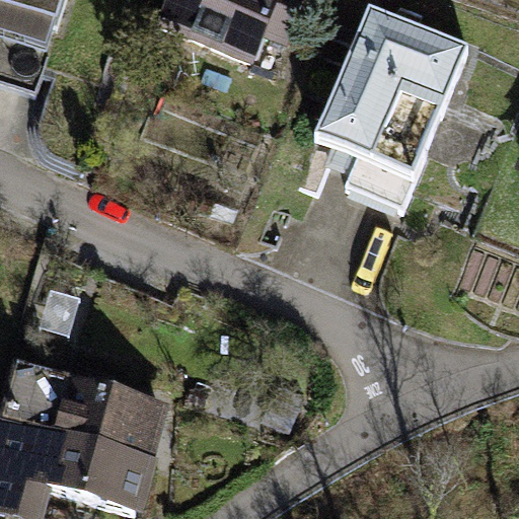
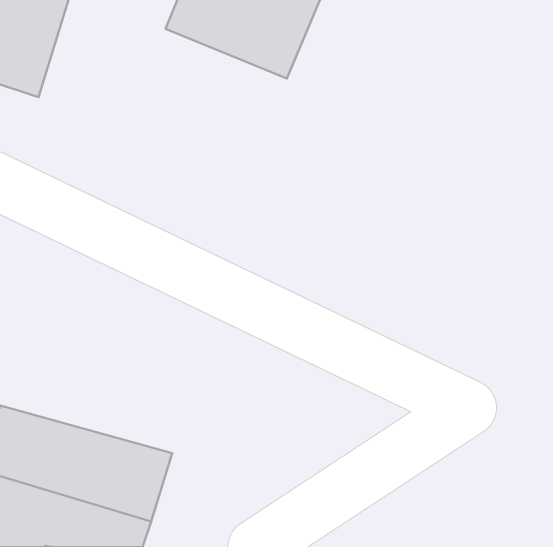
building: [309,10,466,193] -> none

